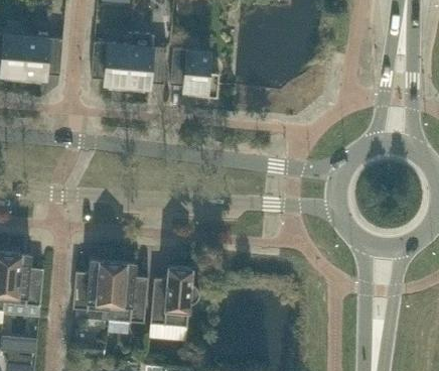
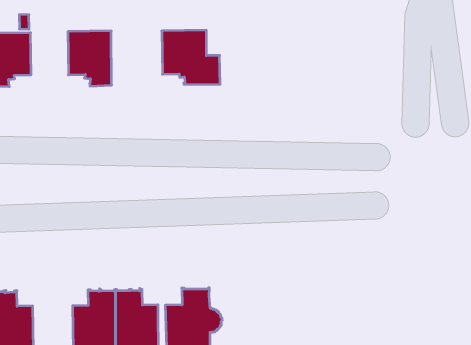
building: [126,32,166,92] -> none

